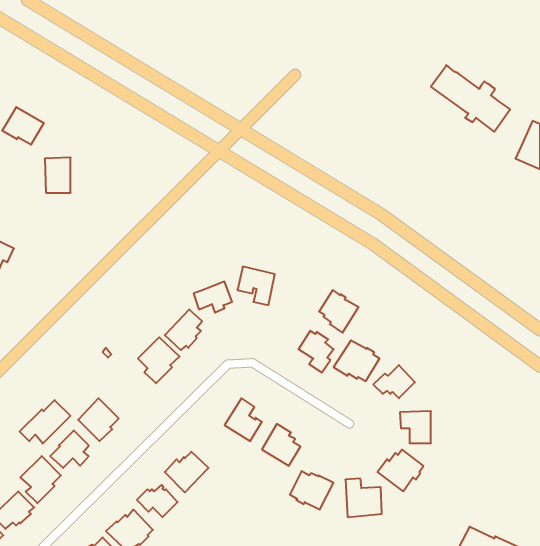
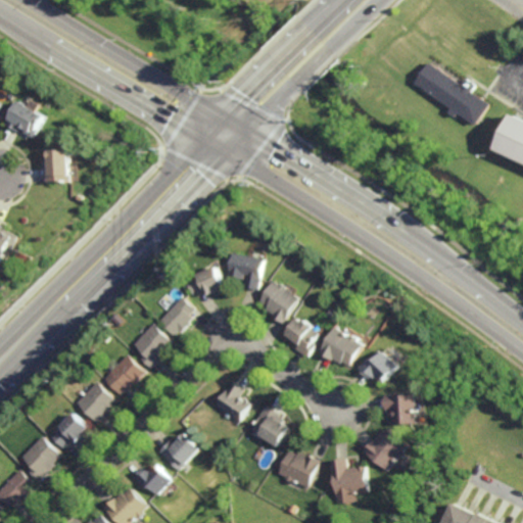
building: [319,290,359,333] -> [259,282,297,323]
building: none -> [107,354,143,388]
building: [20,400,70,444] -> none

